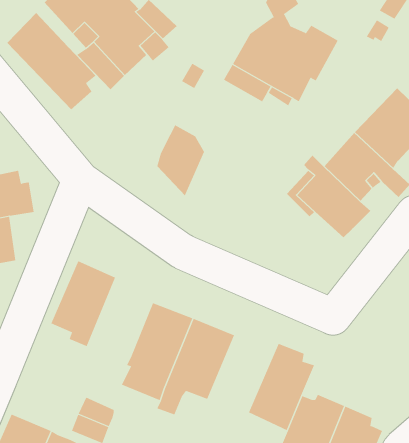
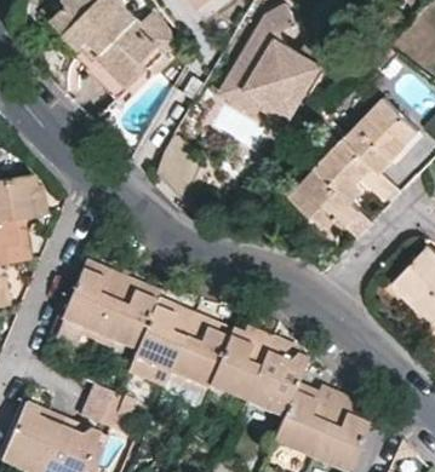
building: [6,12,97,110] -> none
building: none -> [96,275,160,349]
building: none -> [208,326,273,399]

